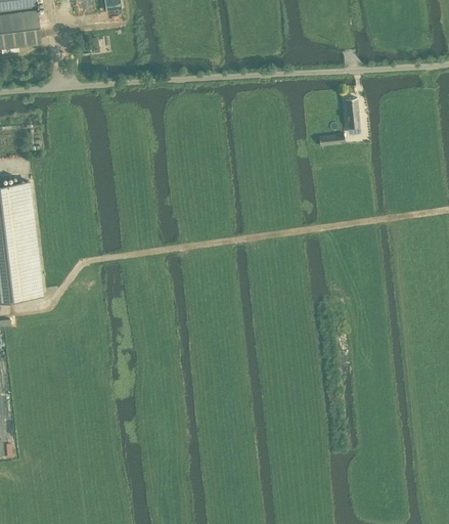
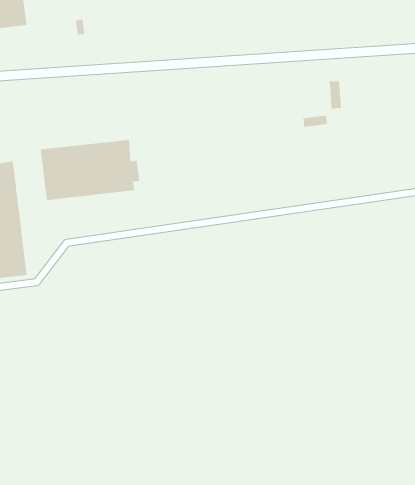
building: none -> [40,139,140,201]

